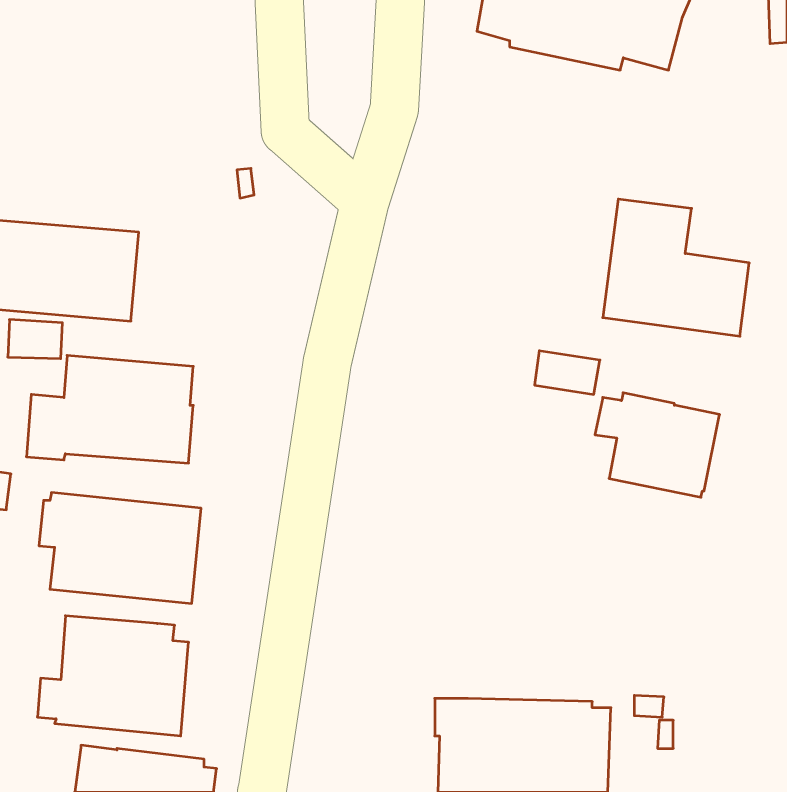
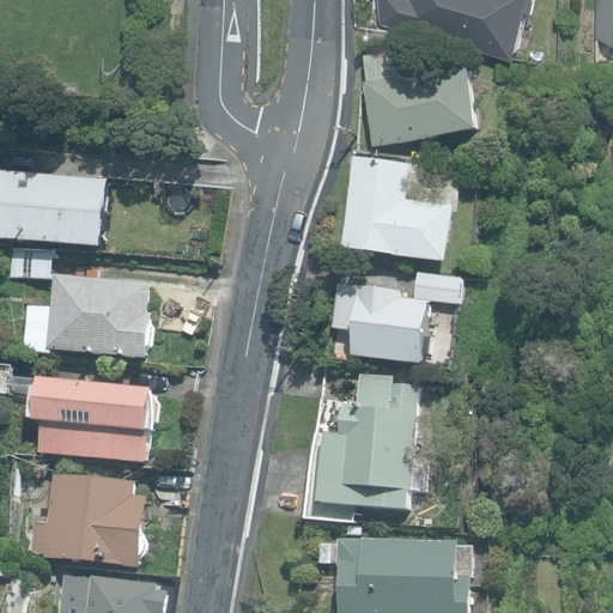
building: none -> [358,51,479,146]
building: [603,199,749,336] -> [339,156,451,261]
building: [595,393,720,497] -> [335,286,431,366]
building: none -> [306,371,425,521]

